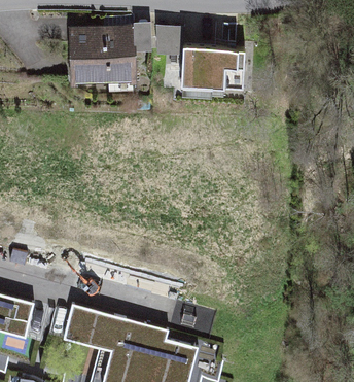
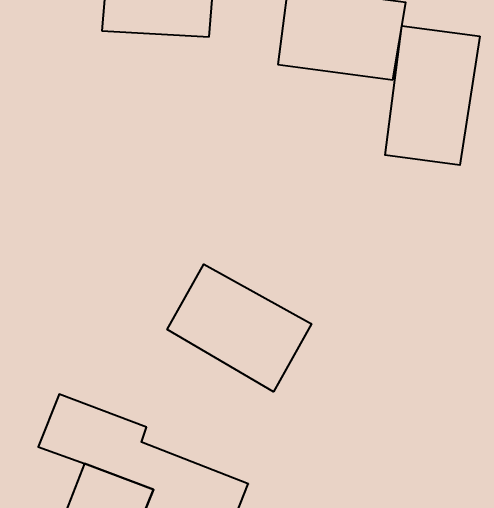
building: none -> [385,26,480,165]
building: none -> [167,264,311,392]

